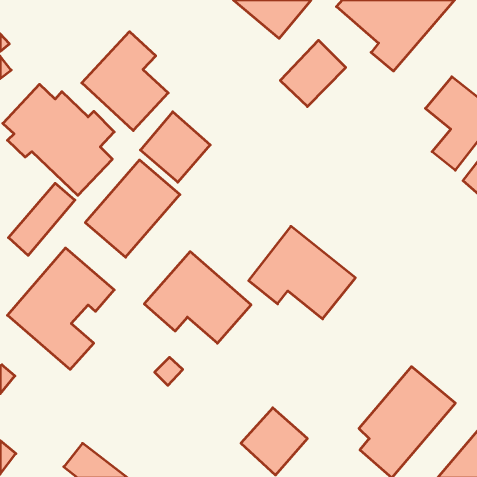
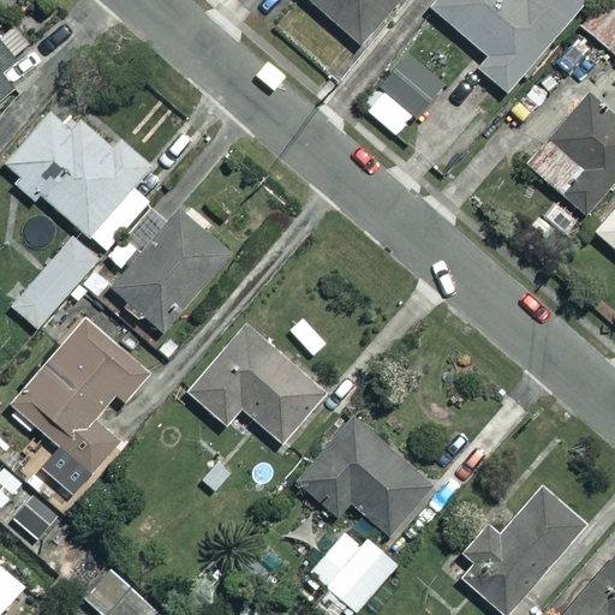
building: [82,32,168,131] -> none
building: [140,112,210,182] -> none
building: [249,226,355,319] -> [297,414,434,533]

